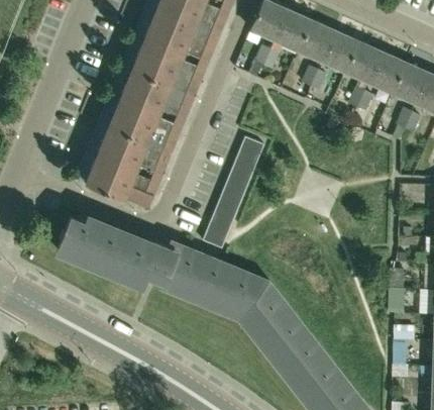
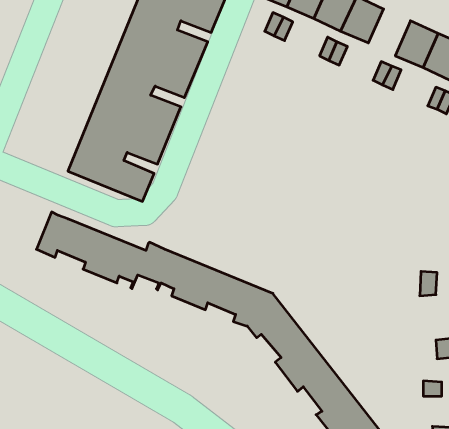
building: [344,41,381,82] -> none
building: [202,136,263,247] -> none

